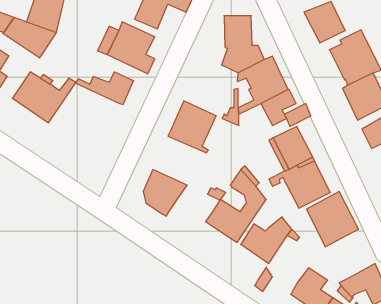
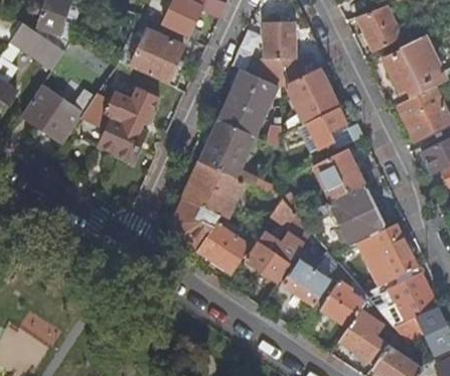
building: none -> [216,69,279,136]
building: none -> [79,98,145,161]
building: none -> [181,159,245,218]
building: none -> [196,231,250,274]
building: none -> [378,266,436,323]
building: none -> [320,281,368,327]

